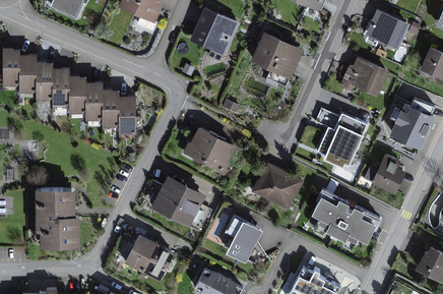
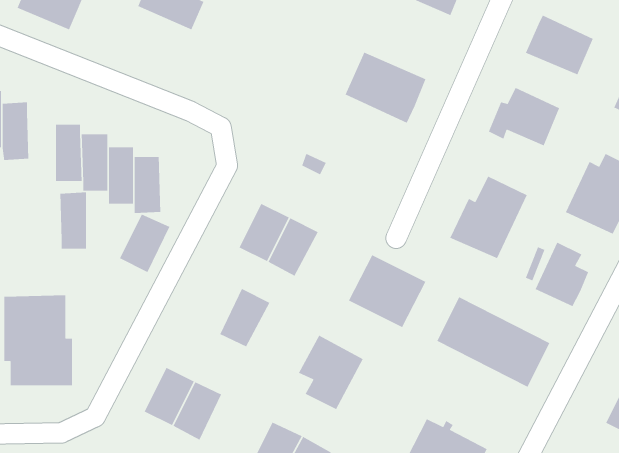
building: [191,6,241,55] -> none
building: [51,71,68,108] -> [59,191,87,249]
building: [153,175,186,213] -> [119,214,170,273]

